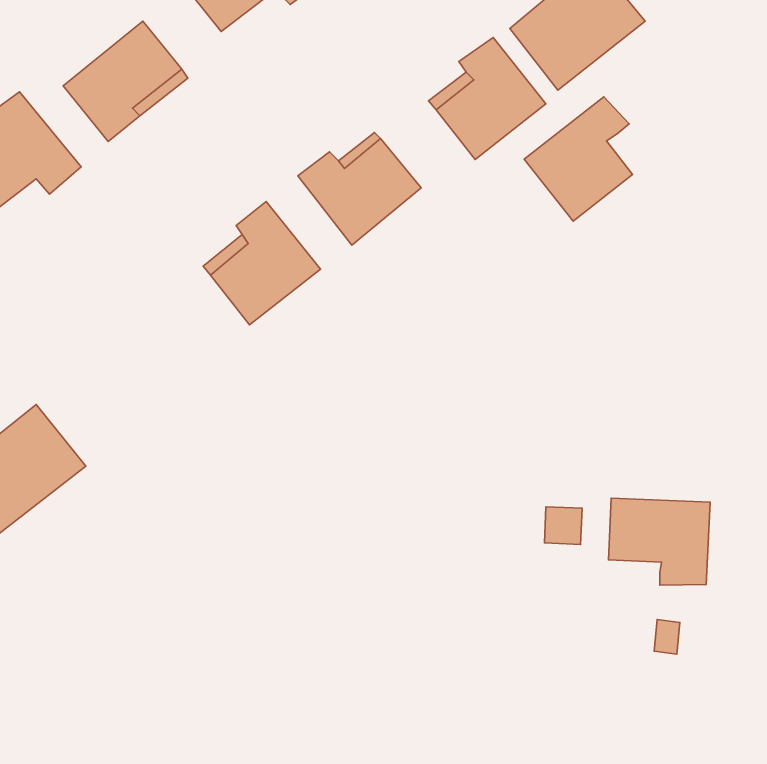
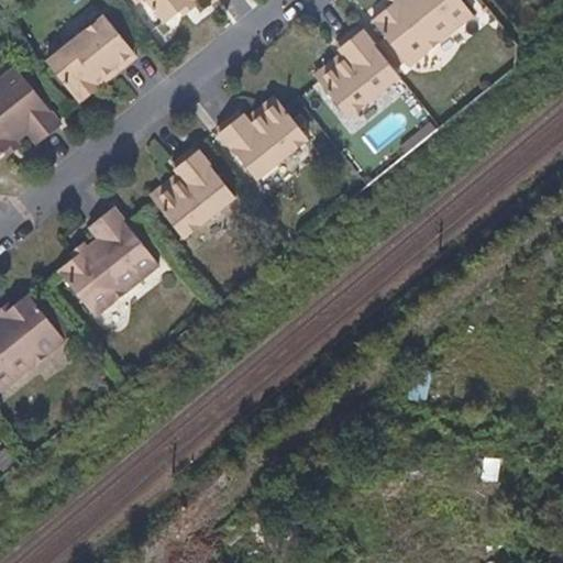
building: [524,97,632,221] -> none
building: none -> [58,209,159,316]
building: [609,498,710,585] -> none

